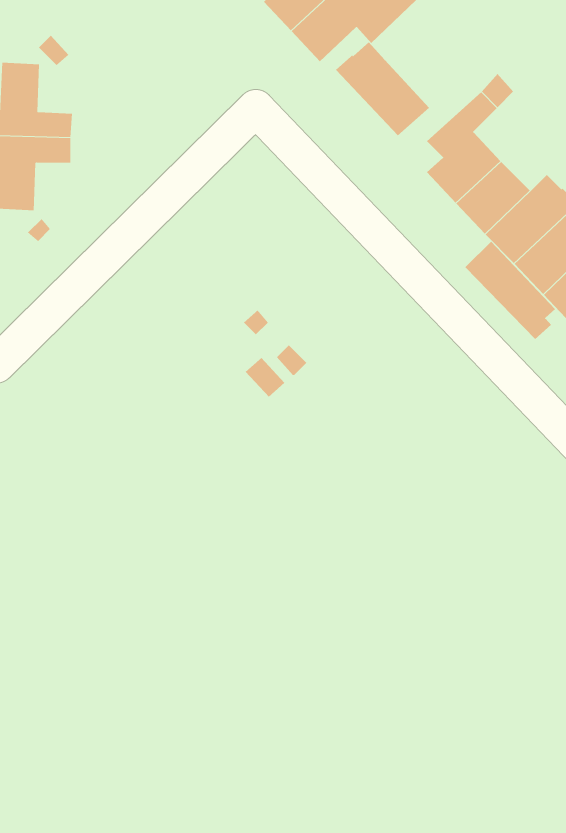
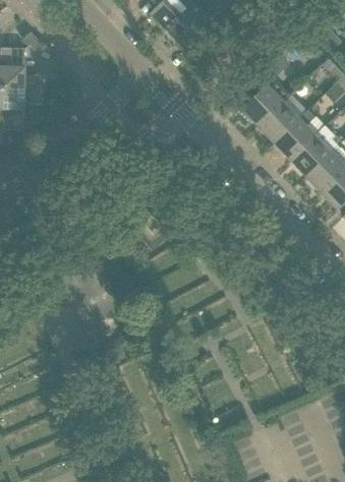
building: [335,41,430,136] -> none
building: [464,241,556,340] -> none

